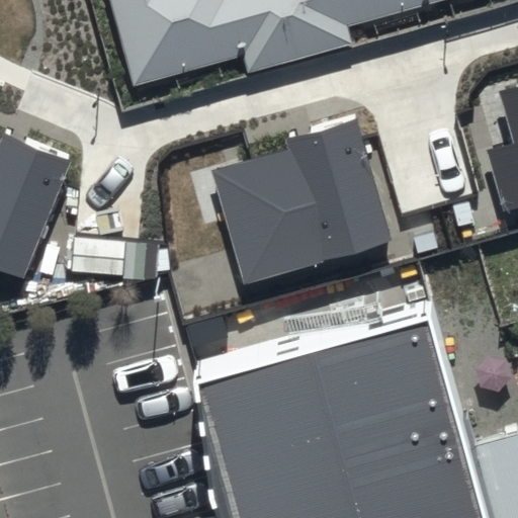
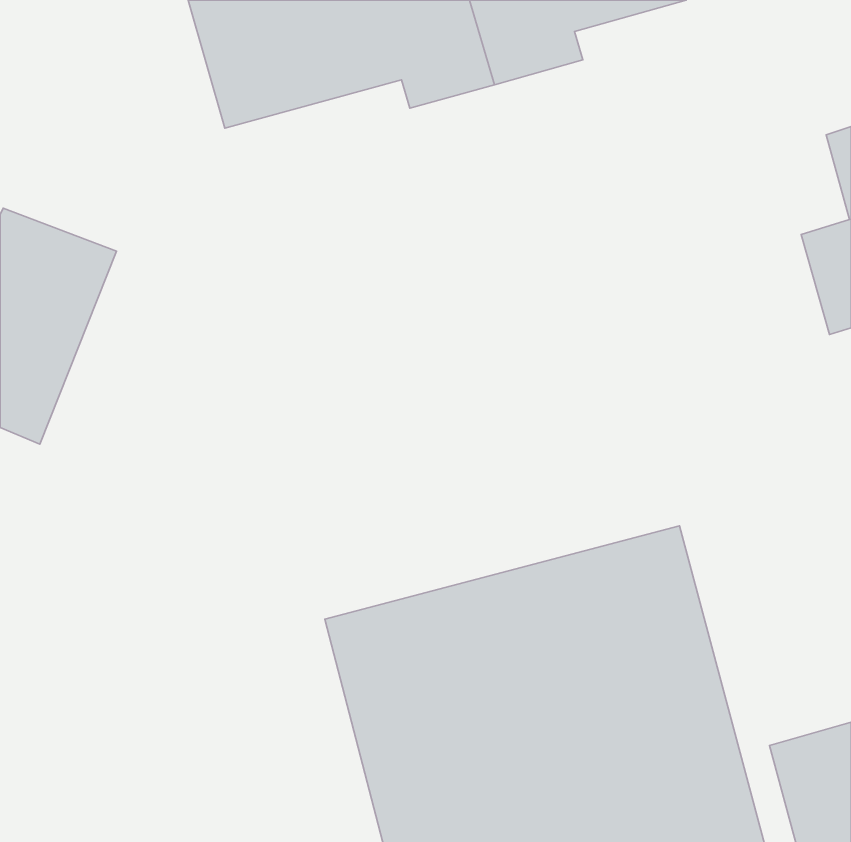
building: [214,119,394,281] -> none

